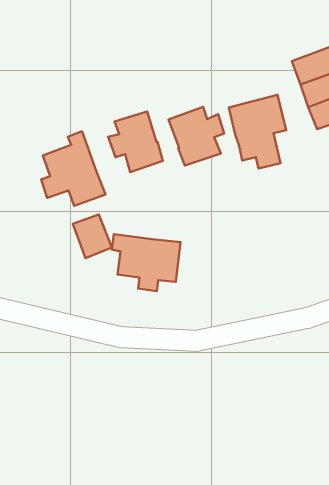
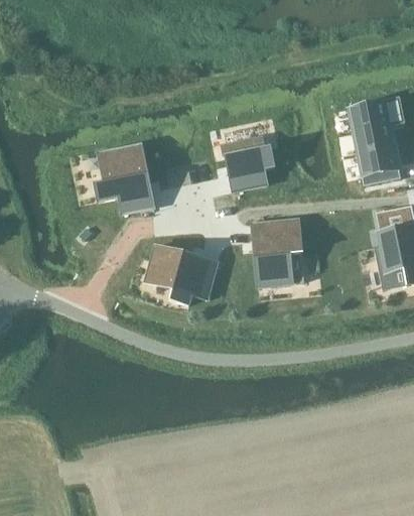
building: [229,95,286,169] -> [252,219,302,285]
building: [108,111,163,172] -> none
building: [73,215,112,258] -> none

